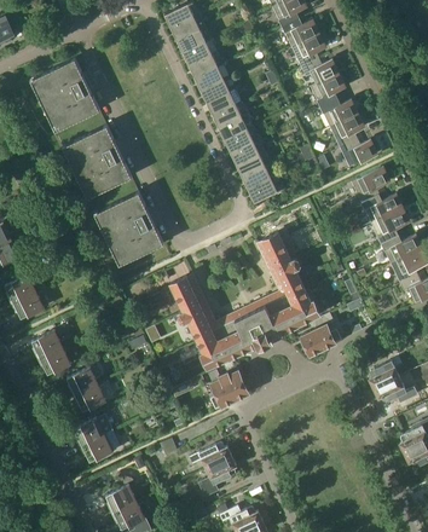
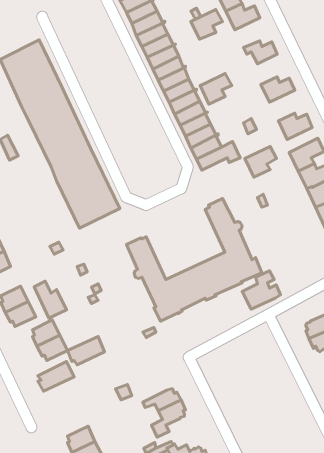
building: [291,33,326,65] -> [191,10,223,39]
building: [311,73,346,106] -> [200,73,232,104]
building: [330,112,365,146] -> [245,147,277,177]
building: none -> [34,281,66,318]
building: [209,365,249,407] -> none
building: [80,429,121,461] -> [67,336,105,365]

